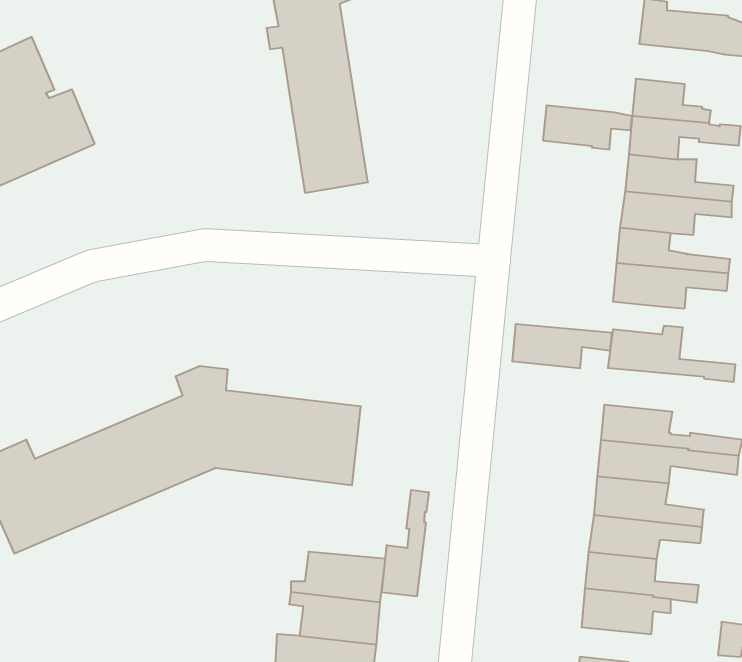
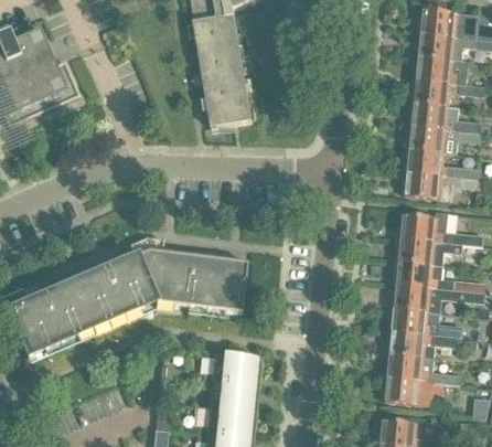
building: [543,106,632,149] -> [419,33,475,61]
building: [512,324,612,368] -> [399,237,462,265]
building: [382,490,429,596] -> none

